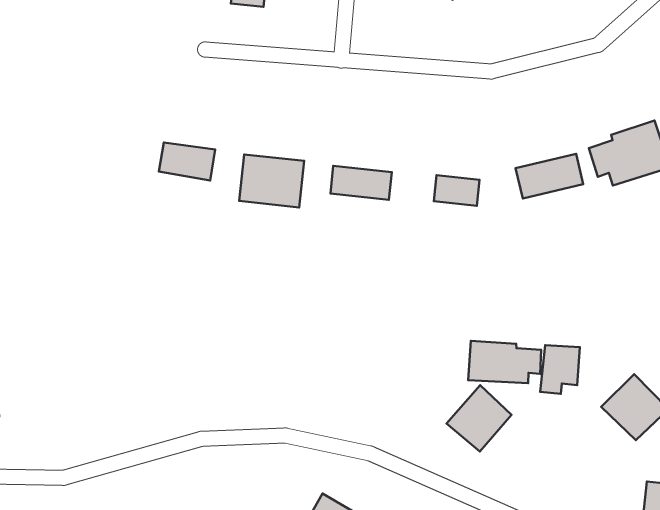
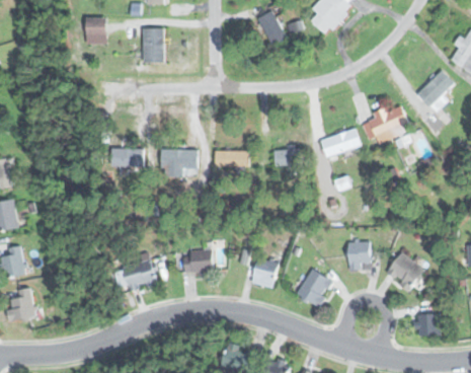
building: none -> [184,250,213,272]
building: none -> [122,255,157,291]
building: [468,341,541,383] -> none
building: none -> [251,257,279,288]

